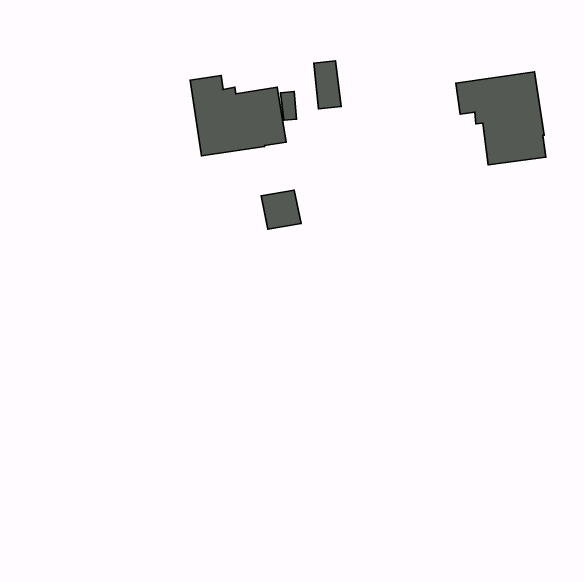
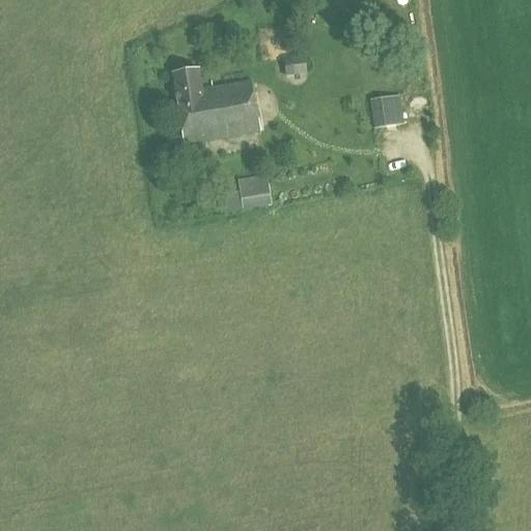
building: [456,72,546,165] -> none
building: none -> [369,95,402,129]

